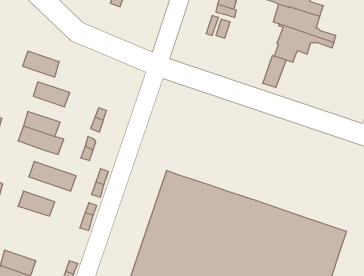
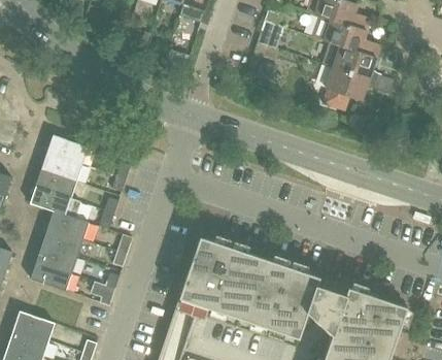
building: [23,51,59,77] -> [39,150,81,179]
building: [263,55,286,88] -> none
building: none -> [46,209,88,237]
building: none -> [34,242,76,271]
building: none -> [12,310,54,339]

